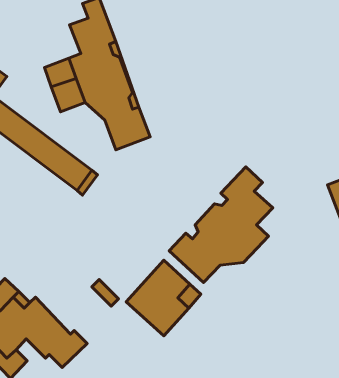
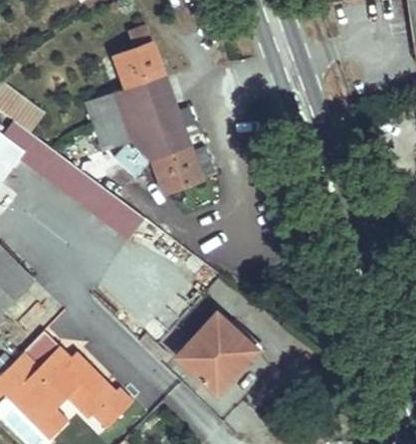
building: [169,167,273,283] -> none

